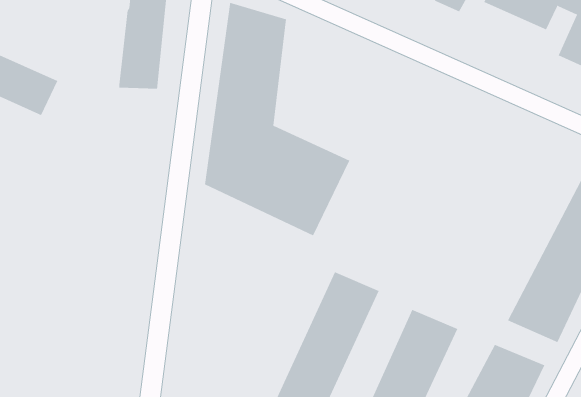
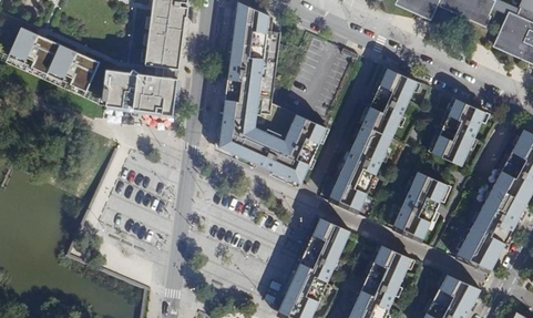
building: none -> [325,65,420,215]
building: none -> [104,69,183,119]
building: none -> [428,95,489,166]
building: none -> [390,170,451,240]

